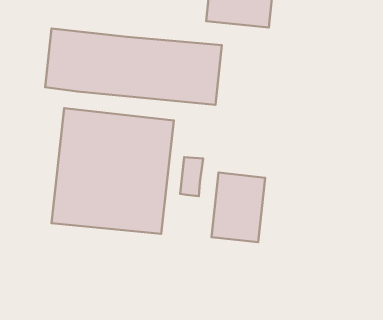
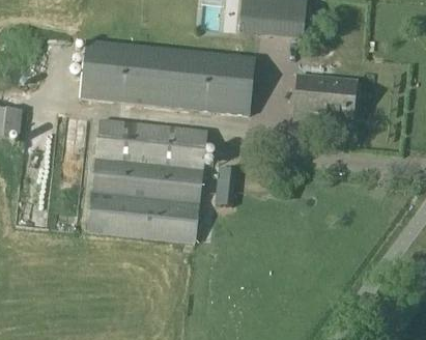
building: none -> [293,75,356,129]
building: [211,173,265,242] -> none

